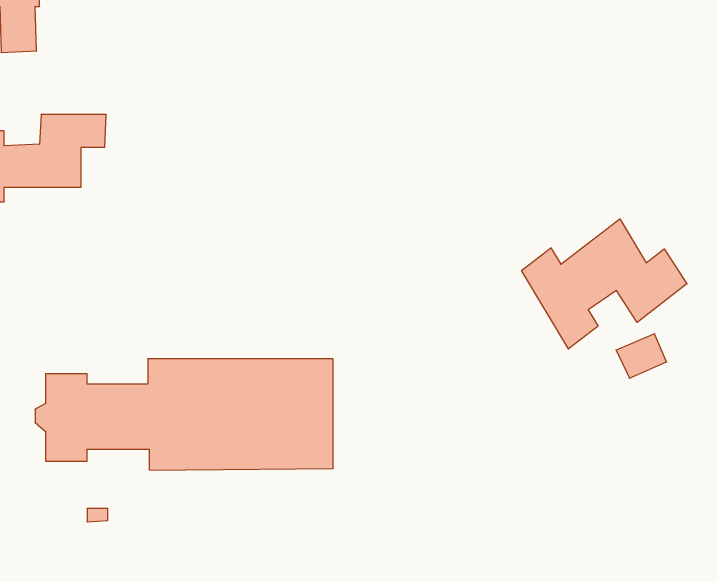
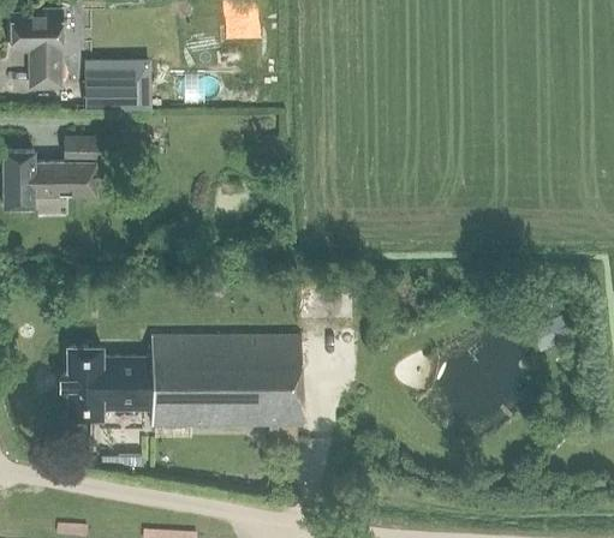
building: none -> [81,59,149,110]
building: [522,219,687,349] -> none

